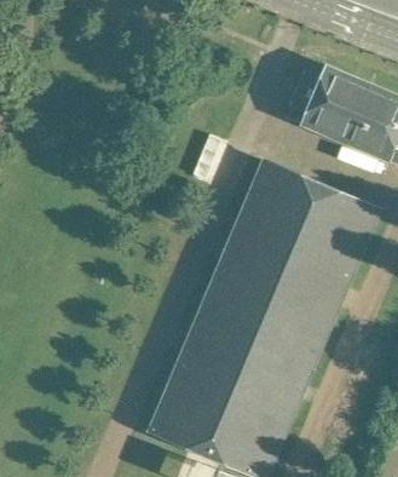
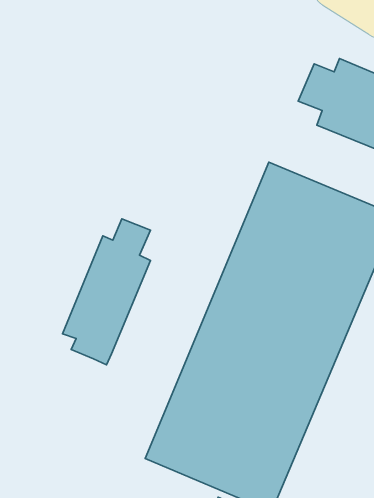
building: none -> [62,219,151,365]

